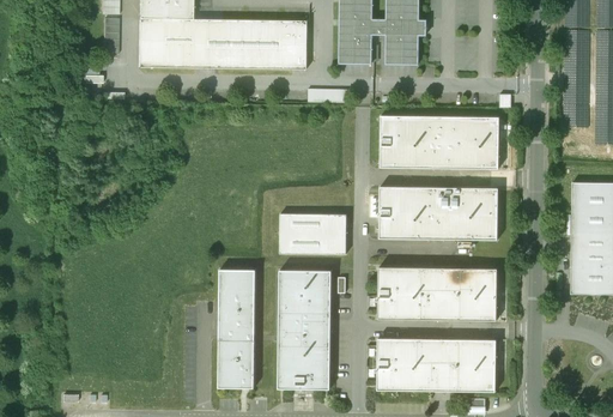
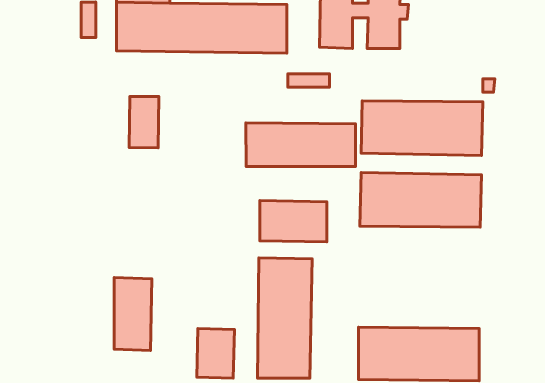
building: none -> [129,96,159,148]
building: none -> [246,123,356,166]
building: [378,267,497,320] -> none
building: [219,268,256,340] -> [114,277,152,351]

